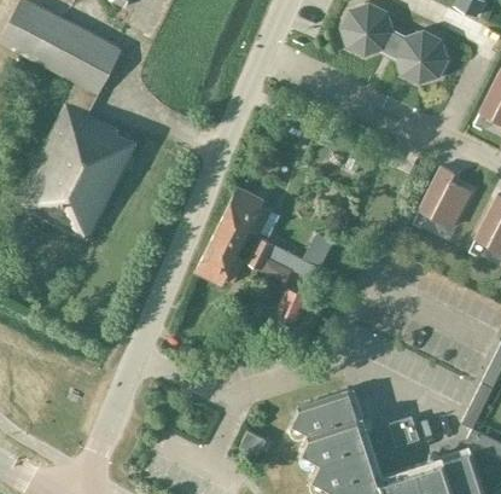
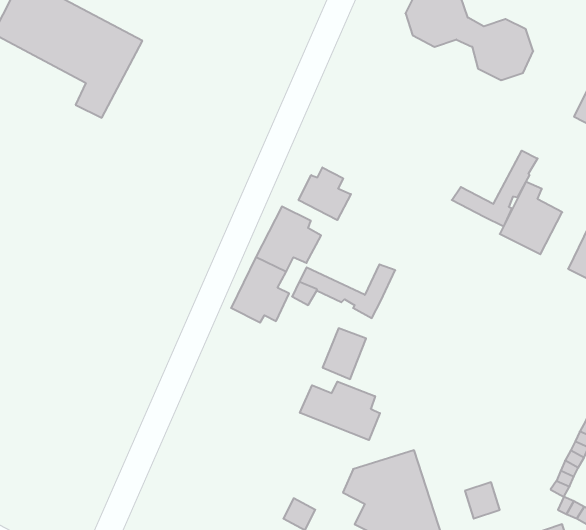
building: [16,101,138,239] -> none
building: none -> [452,151,538,227]
building: none -> [299,167,351,220]
building: none -> [300,382,380,440]

